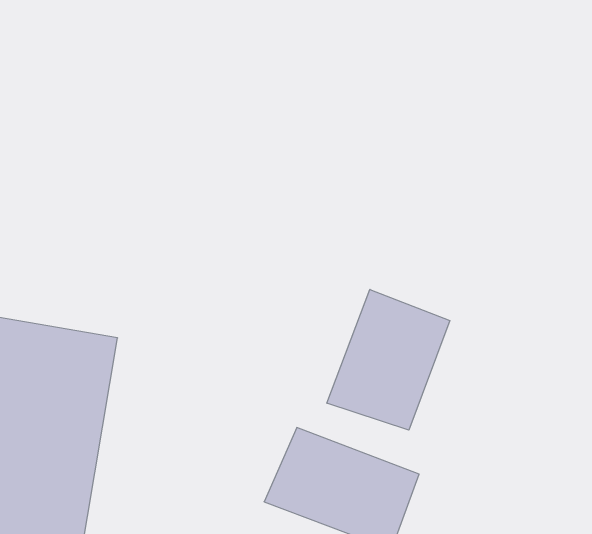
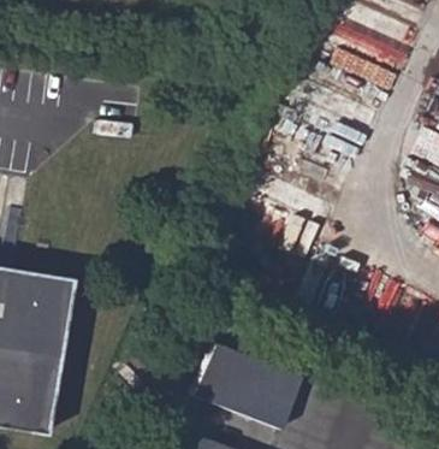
building: [327,289,450,430] -> none

